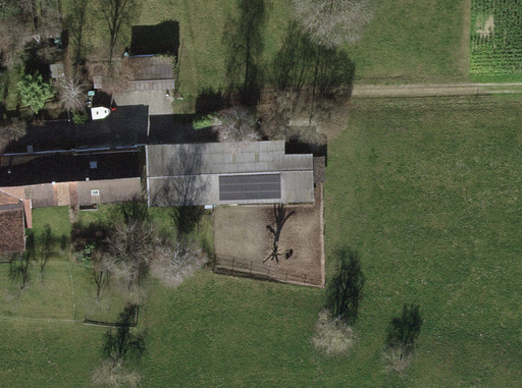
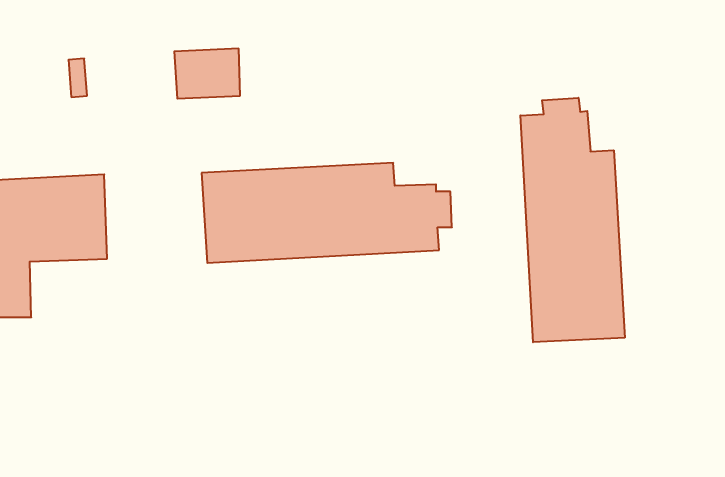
building: none -> [520,98,625,342]
building: [74,146,138,208] -> none

